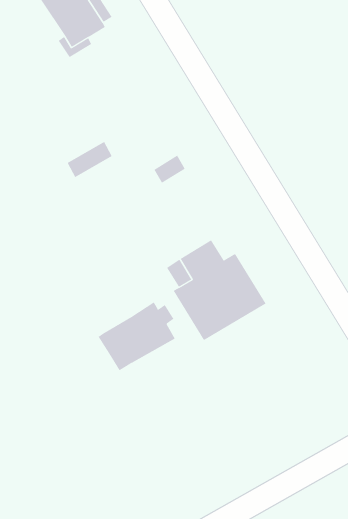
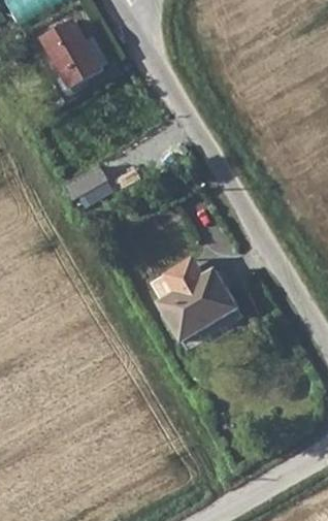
building: [98,302,175,371] -> none

